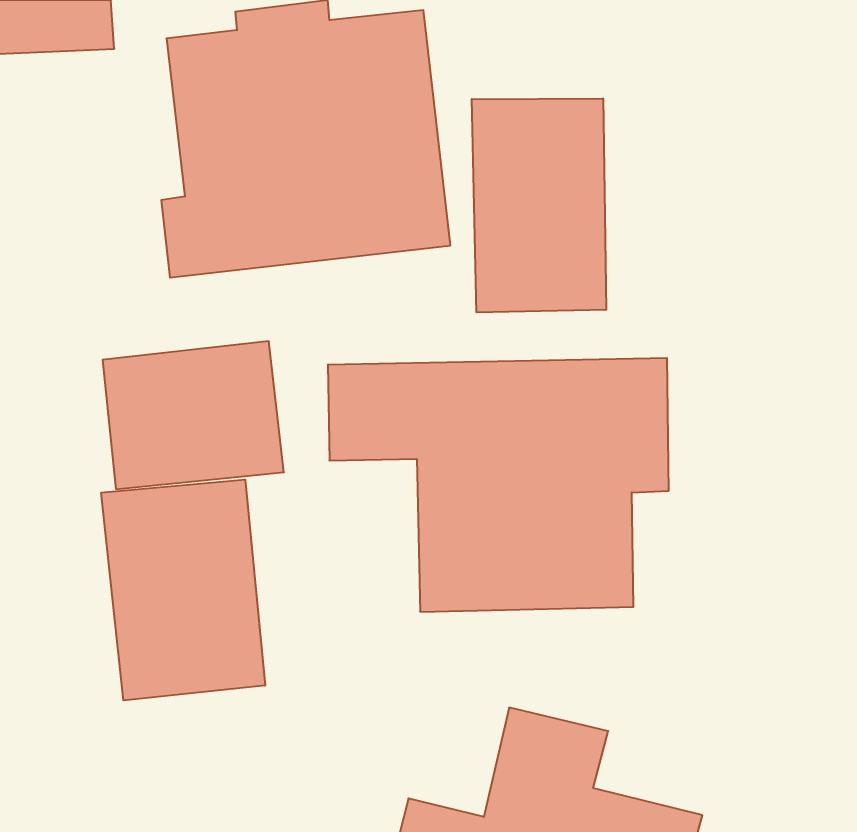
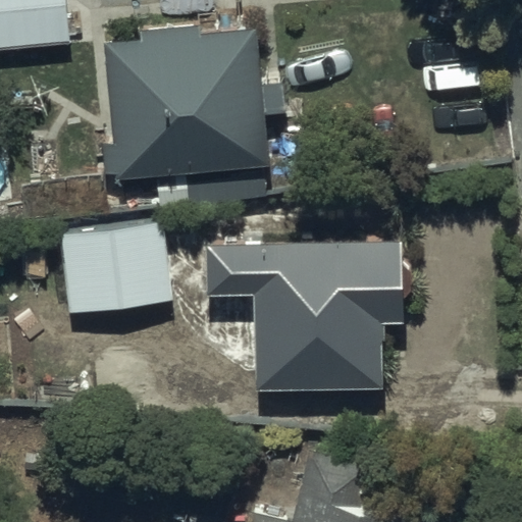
building: [472,98,606,312] -> none
building: [101,479,265,700] -> none

